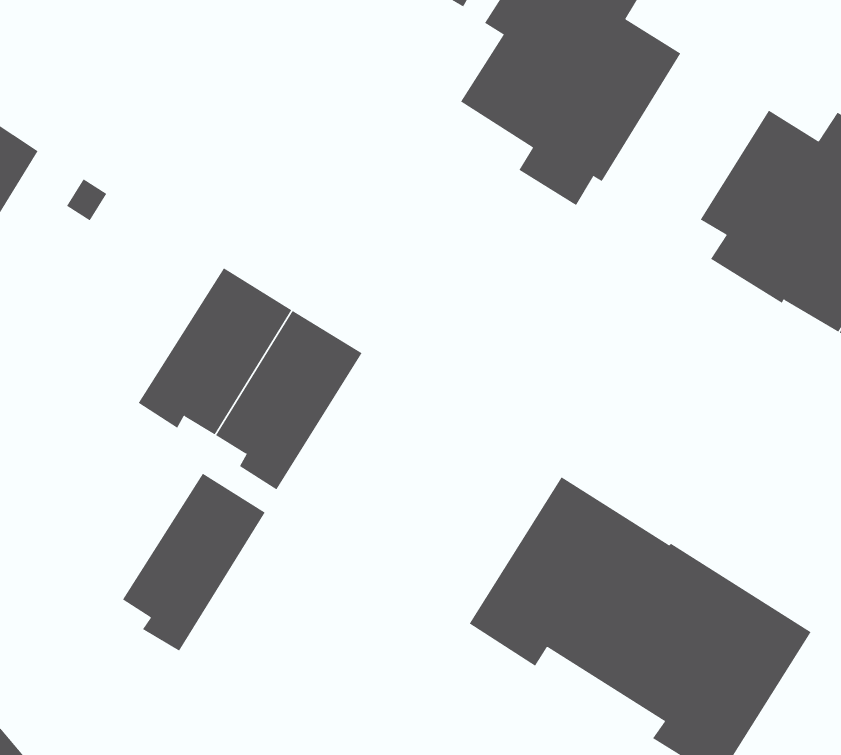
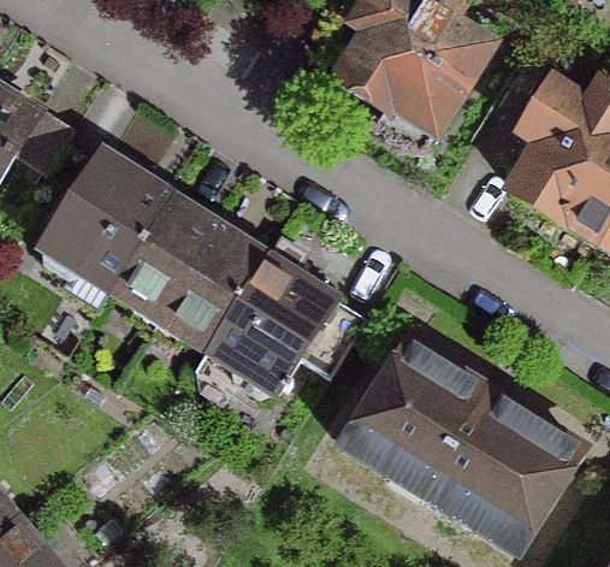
building: none -> [37,147,167,287]
building: none -> [205,252,363,391]
building: [122,473,265,652] -> none

